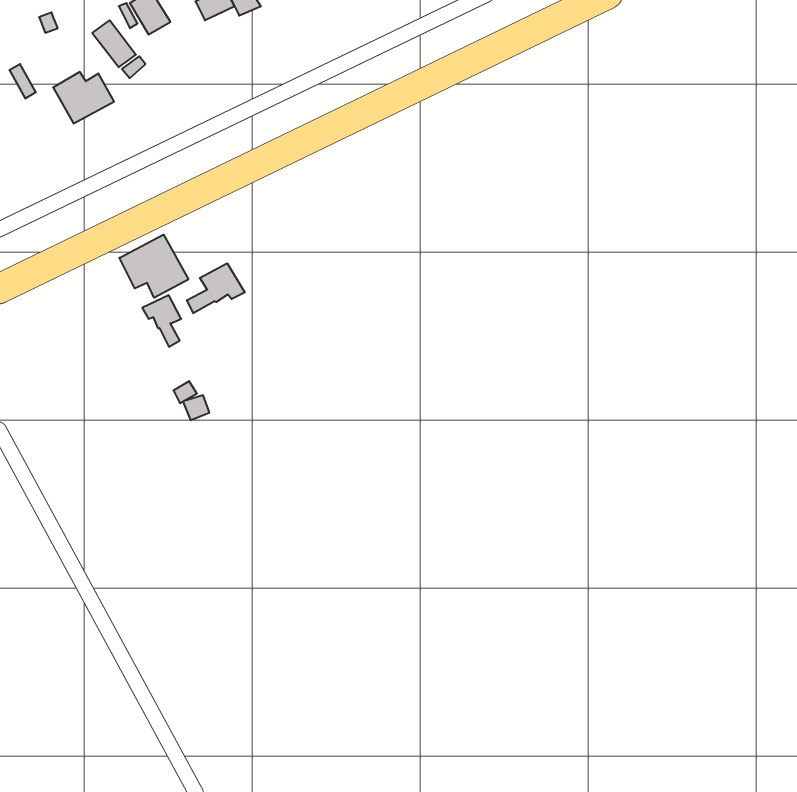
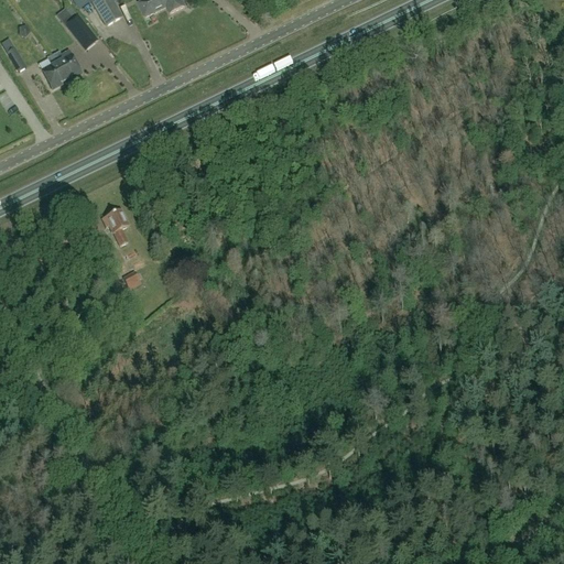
building: [119,235,188,298] -> none
building: [187,263,245,313] -> none

